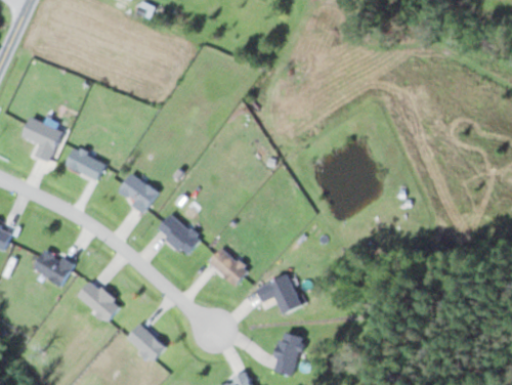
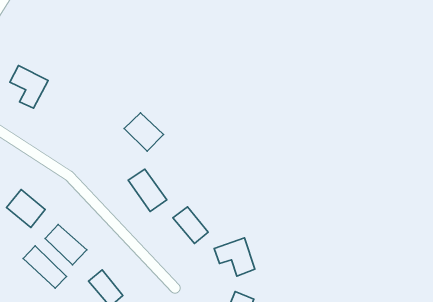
building: [65,146,105,181] -> none
building: [116,173,158,213] -> [124,113,163,151]
building: none -> [23,246,66,288]

